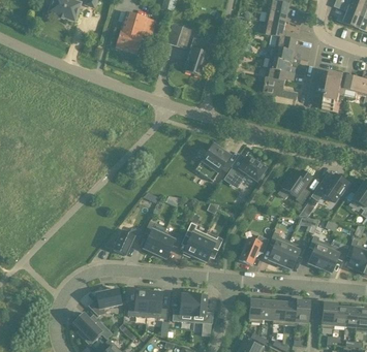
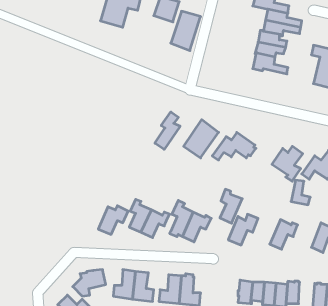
building: none -> [155,112,180,149]
building: [268,231,289,264] -> [220,189,242,223]
building: [307,235,329,267] -> none

